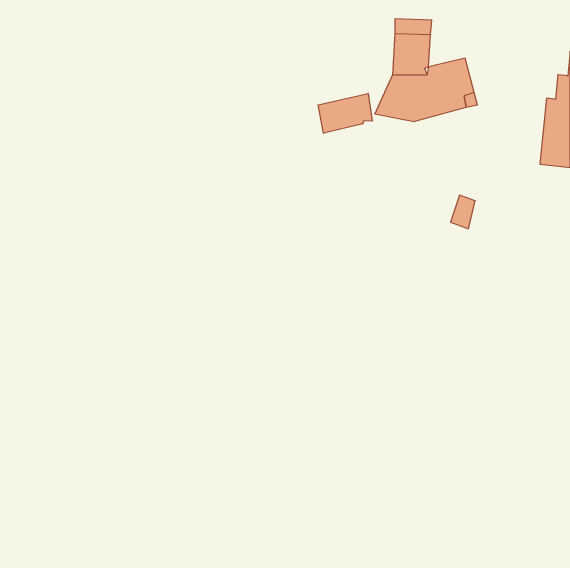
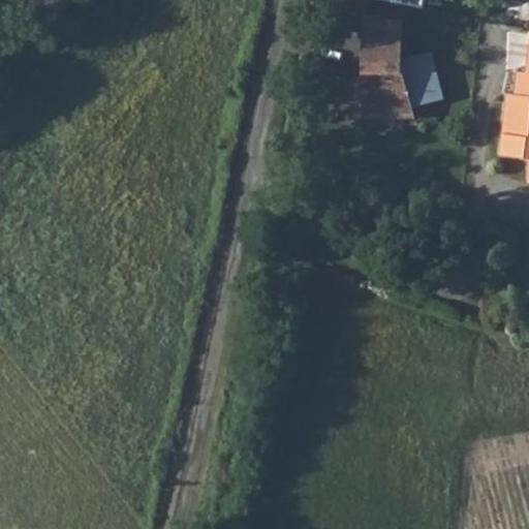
building: [318,93,372,133] -> none

